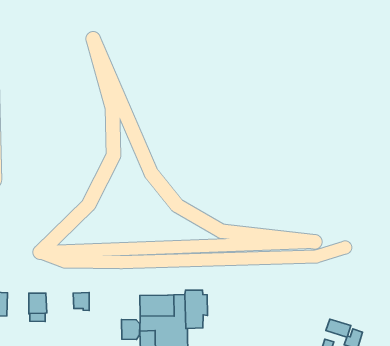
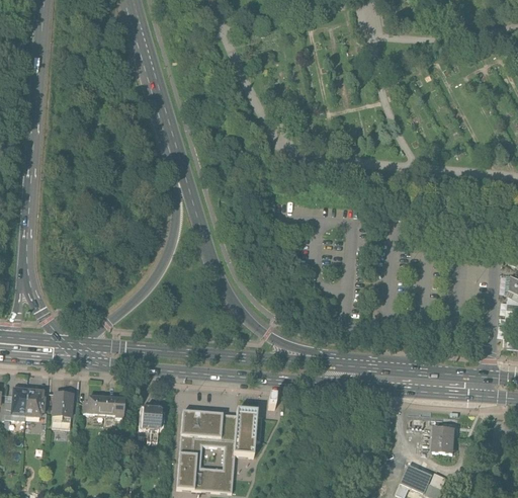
building: none -> [431,427,454,453]
building: none -> [25,390,47,419]
building: none -> [83,396,106,416]
building: [122,320,140,340] -> [138,406,161,431]

